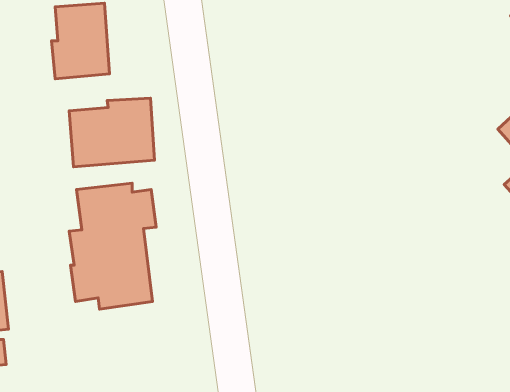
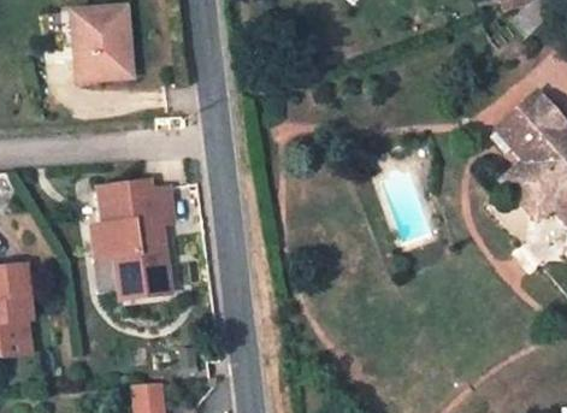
building: [69,98,154,167] -> none

